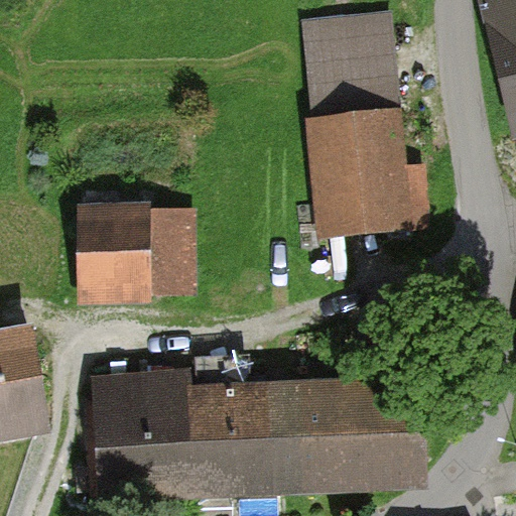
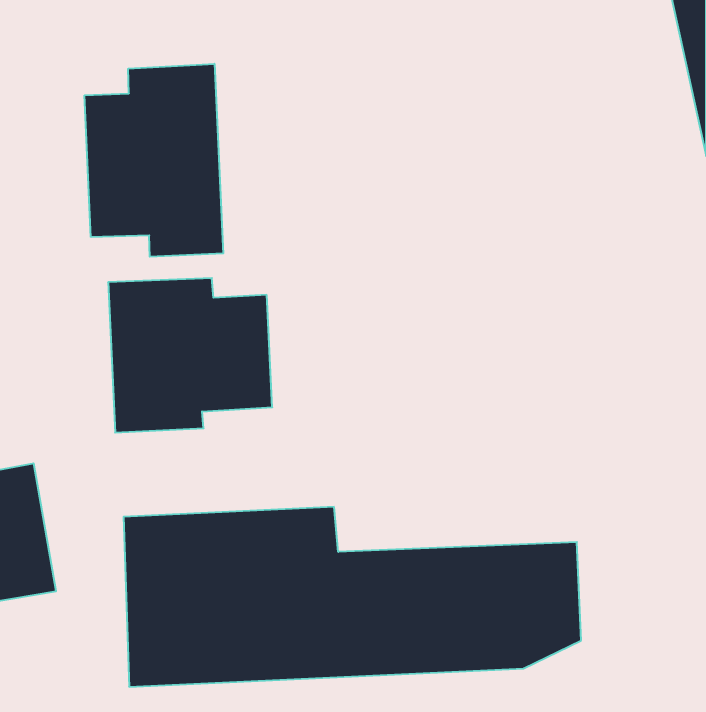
building: [302,18,430,236] -> none
building: none -> [85,64,223,257]

